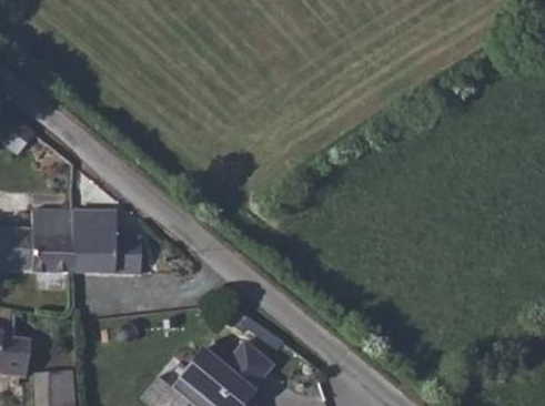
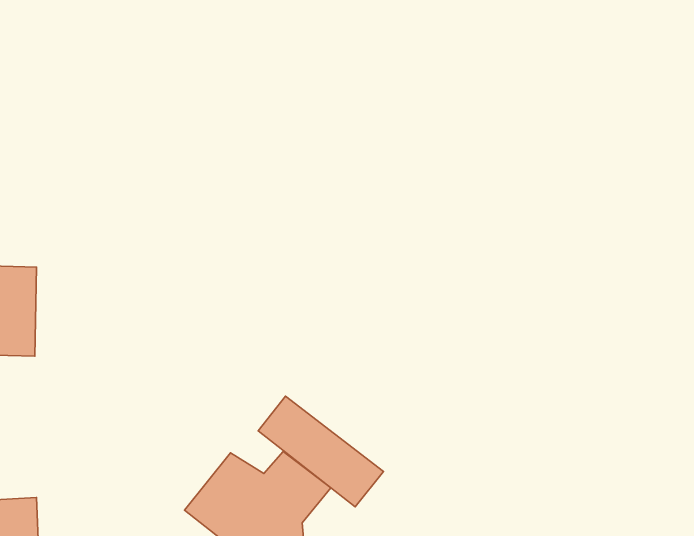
building: [71,210,140,273] -> none
building: none -> [258,396,383,507]

